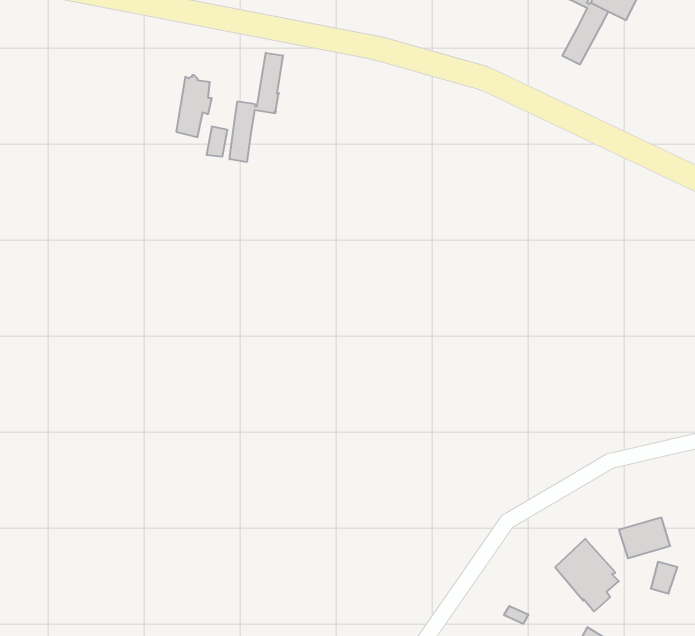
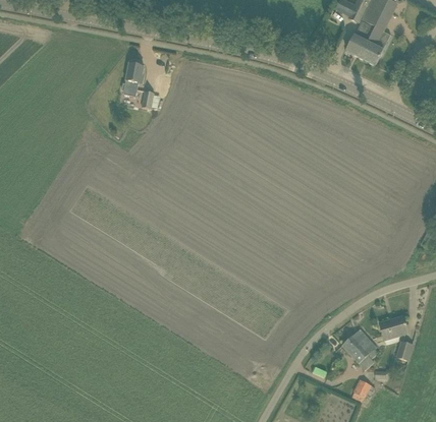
building: none -> [356,24,382,65]
building: [230,53,283,162] -> none

